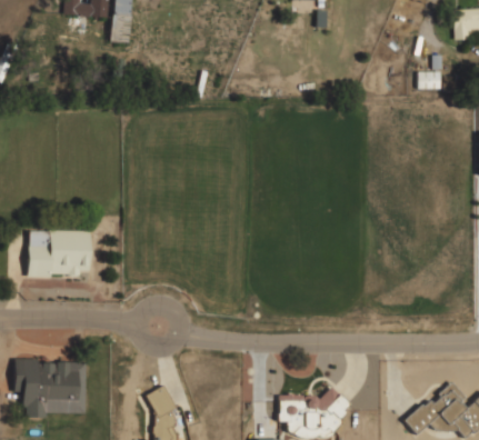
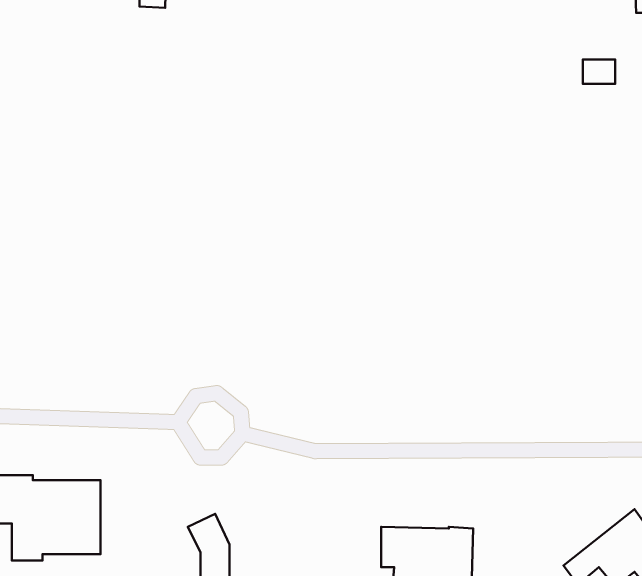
building: [28,231,90,276] -> none

